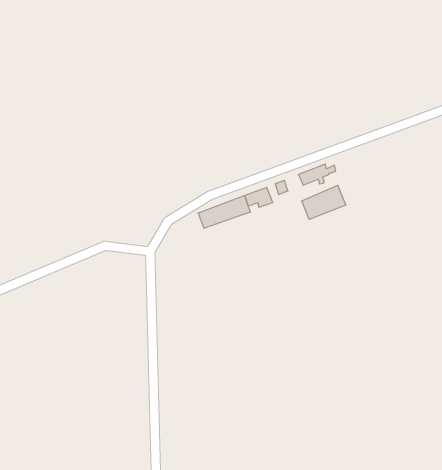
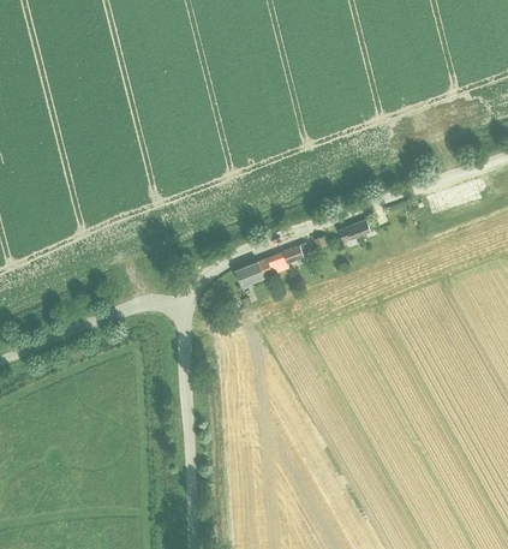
building: [302,185,346,219] -> none

